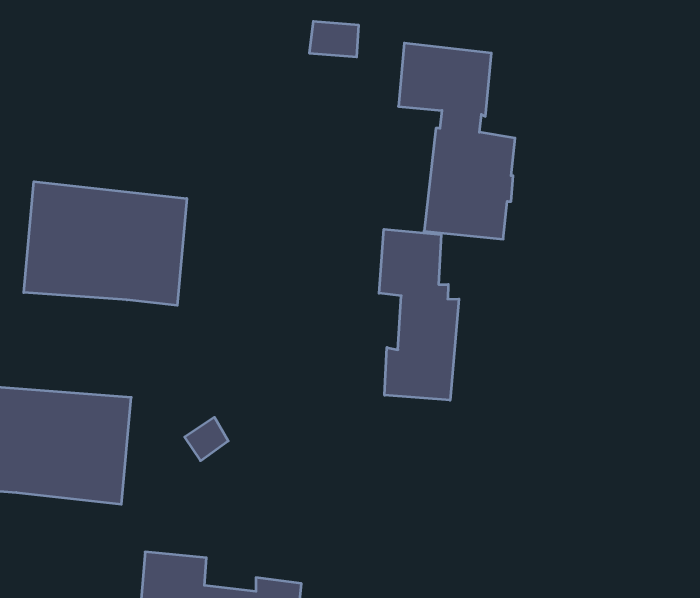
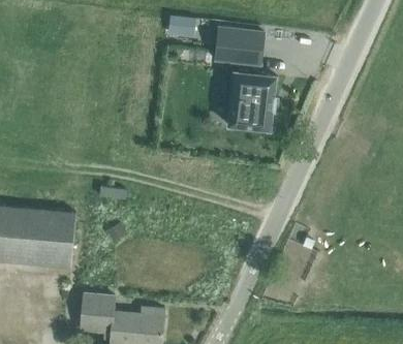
building: [24,182,187,305] -> none
building: [379,229,459,400] -> none

